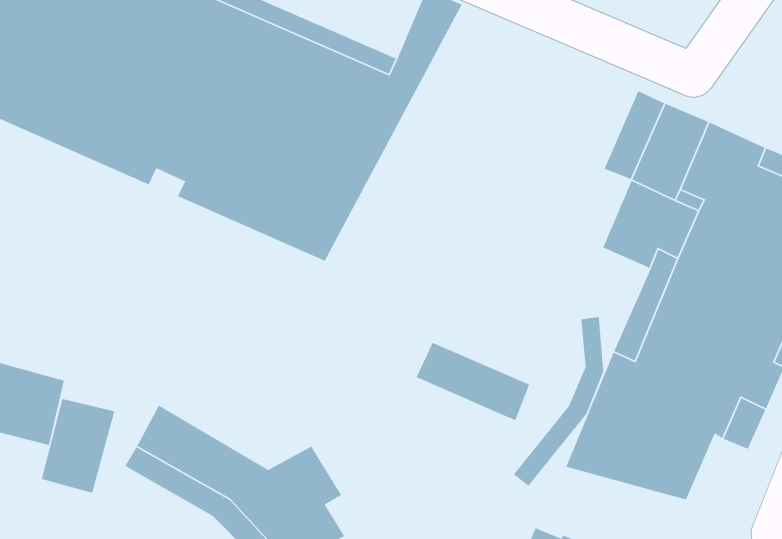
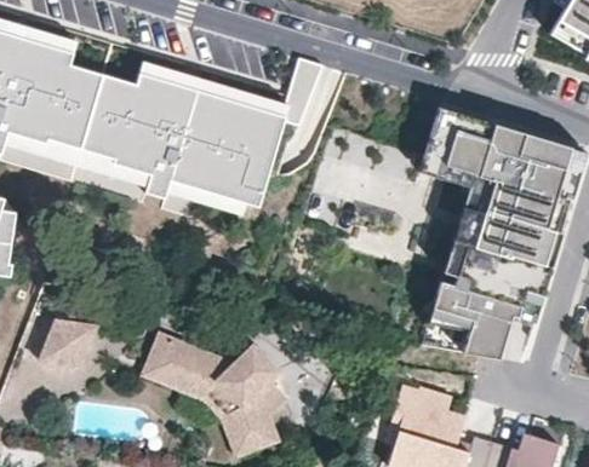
building: [513,316,604,487] -> none
building: [416,342,530,421] -> none
building: [41,398,115,494] -> none

